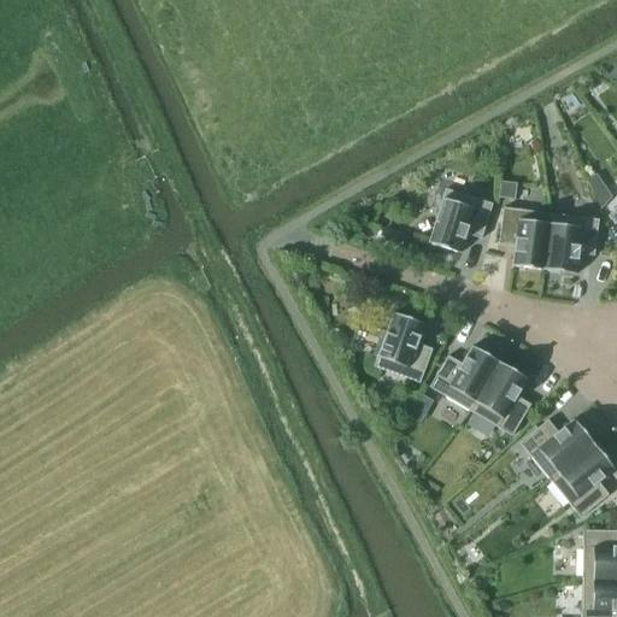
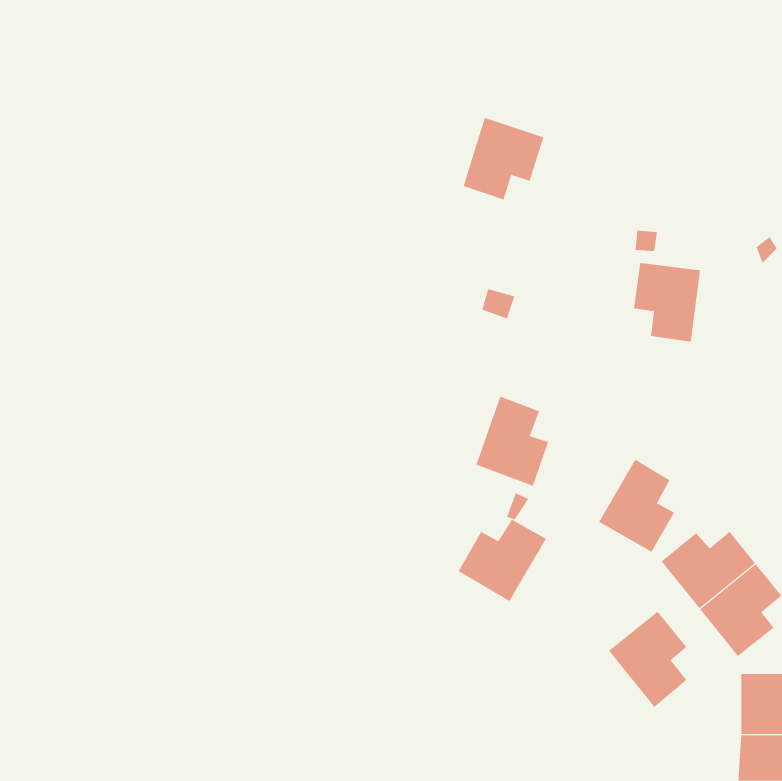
building: [429,187,493,252] -> [463,117,544,200]
building: [545,212,600,272] -> none
building: [430,345,500,410] -> [458,519,547,602]
building: none -> [608,611,687,708]

